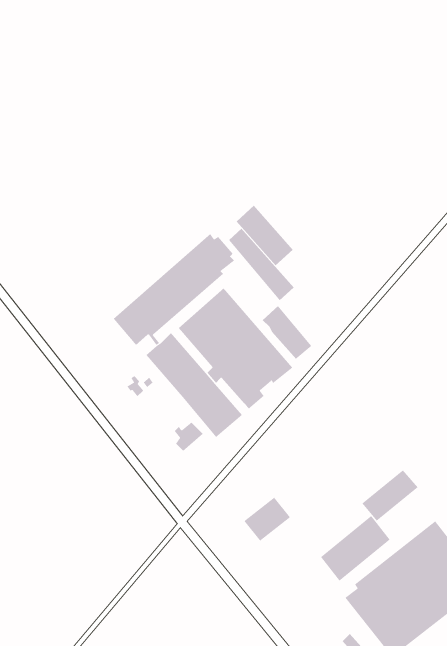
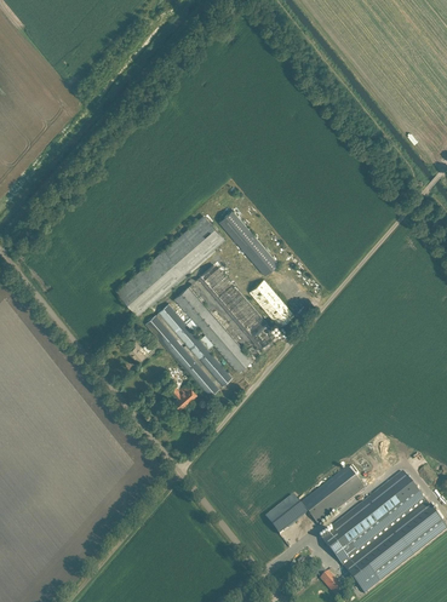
building: [236,205,293,266] -> none
building: [361,469,418,521] -> none
building: [243,497,291,542] -> [264,494,306,534]

